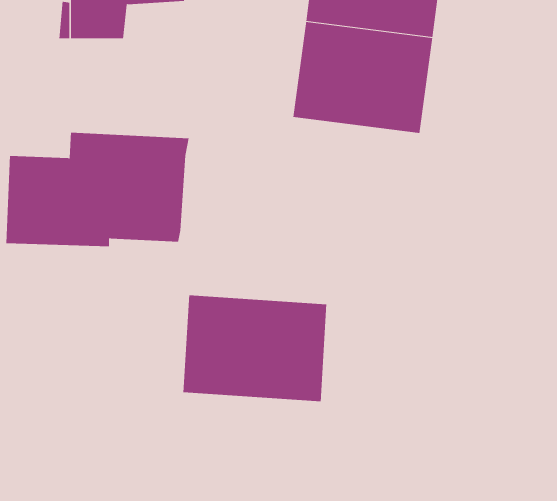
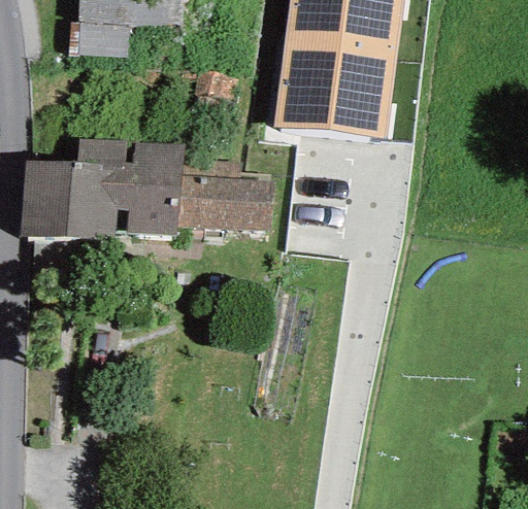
building: none -> [176,159,271,231]
building: [183,295,327,402] -> none

